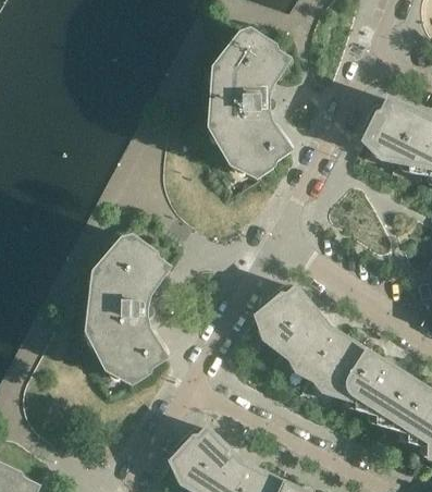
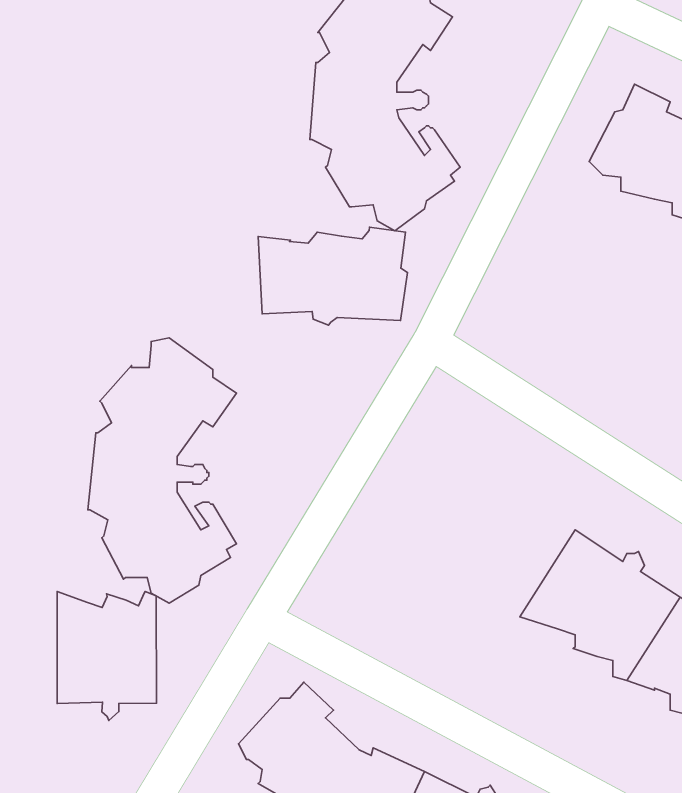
building: none -> [258,227,407,325]
building: [257,286,356,391] -> none
building: none -> [57,591,156,721]

